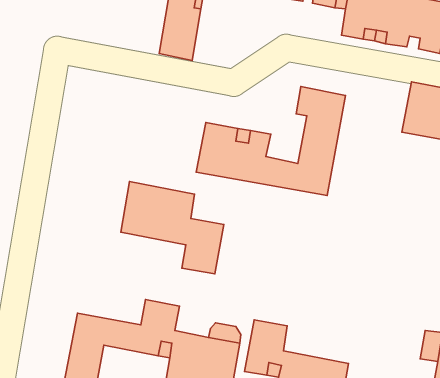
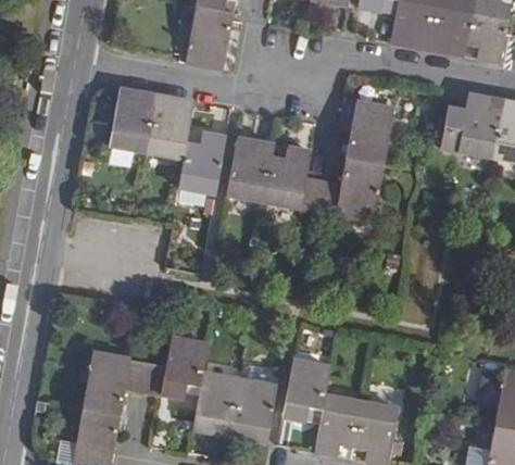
building: [121,182,224,274] -> [111,89,226,192]

